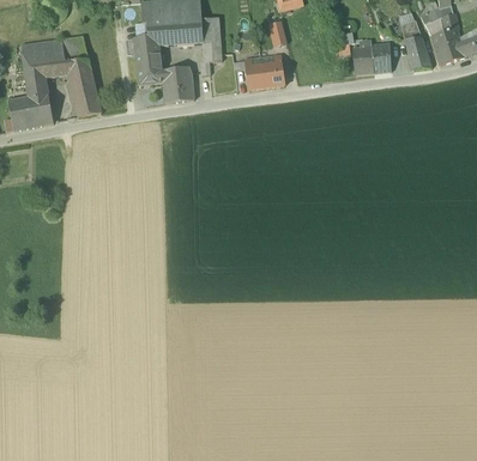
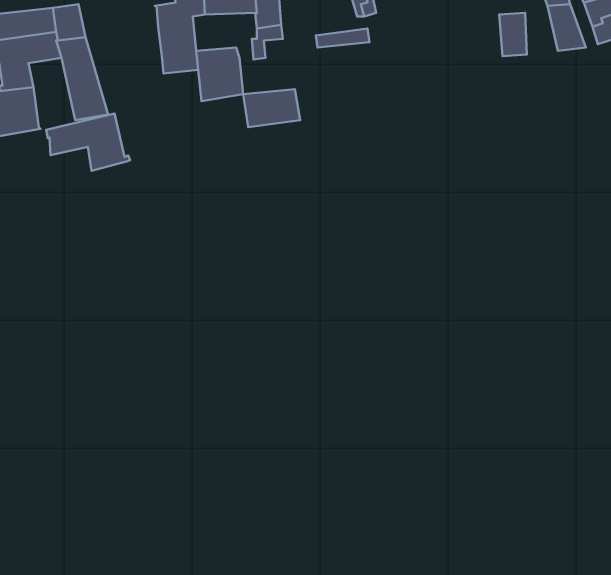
building: [352,44,374,74] -> none
building: [246,63,285,90] -> [243,89,300,127]
building: none -> [46,113,130,171]

